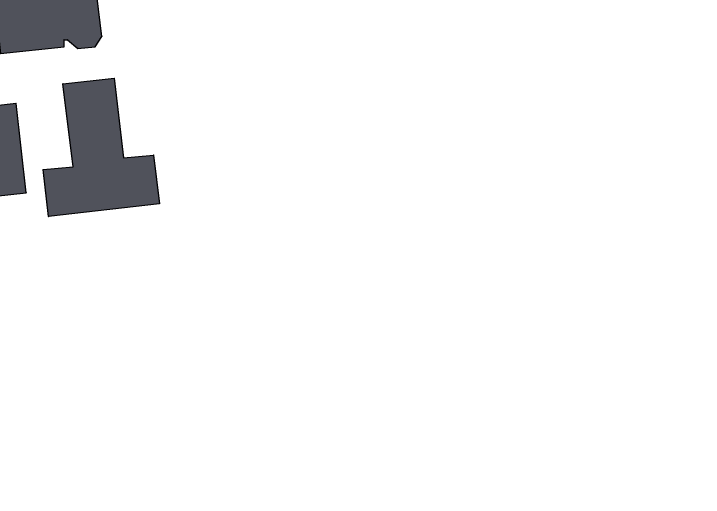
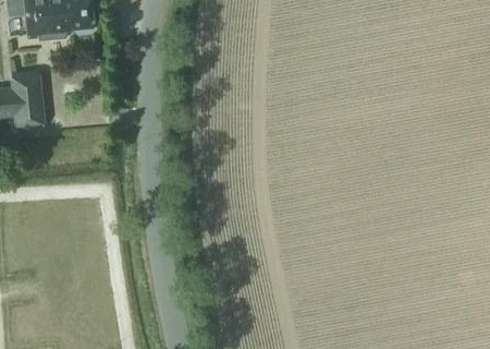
building: [43,78,159,217] -> none

